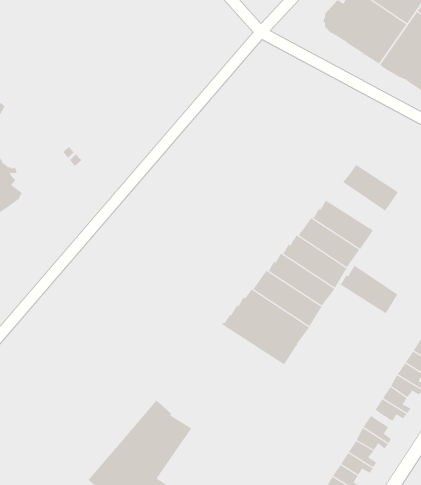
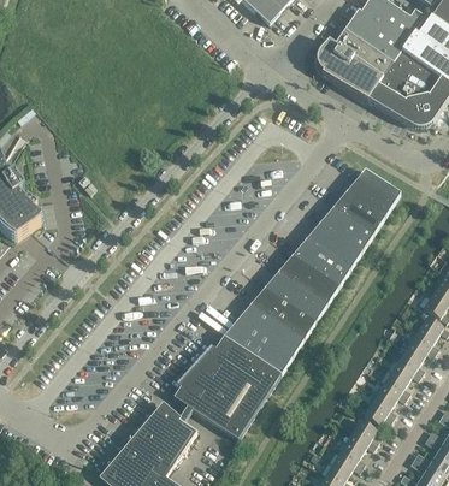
building: none -> [347,167,401,214]
building: [338,265,399,314] -> [319,205,374,249]
building: none -> [175,334,282,438]

